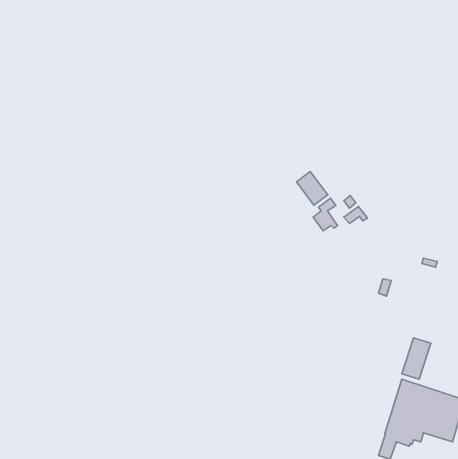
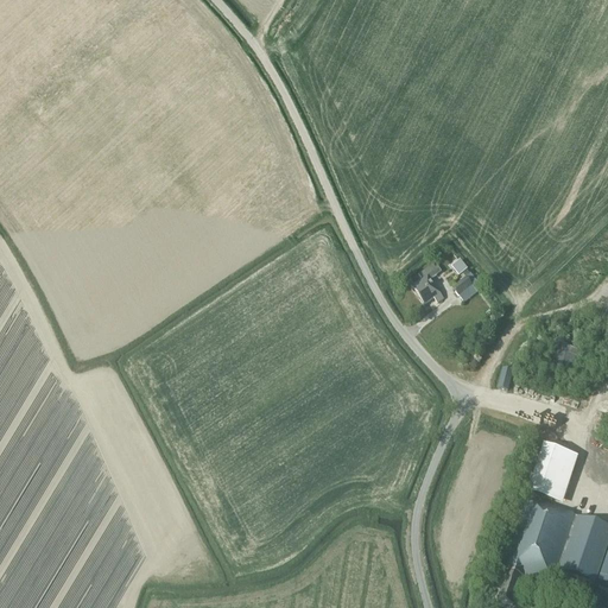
building: [296,172,328,205] -> none

